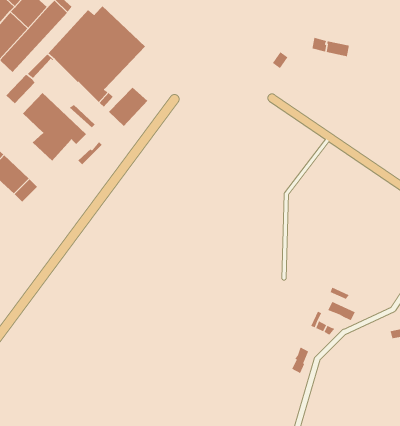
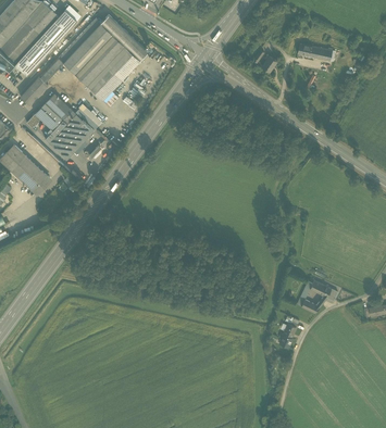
building: [108,87,148,127] -> none

